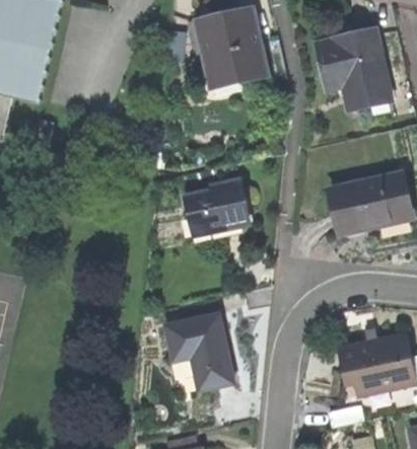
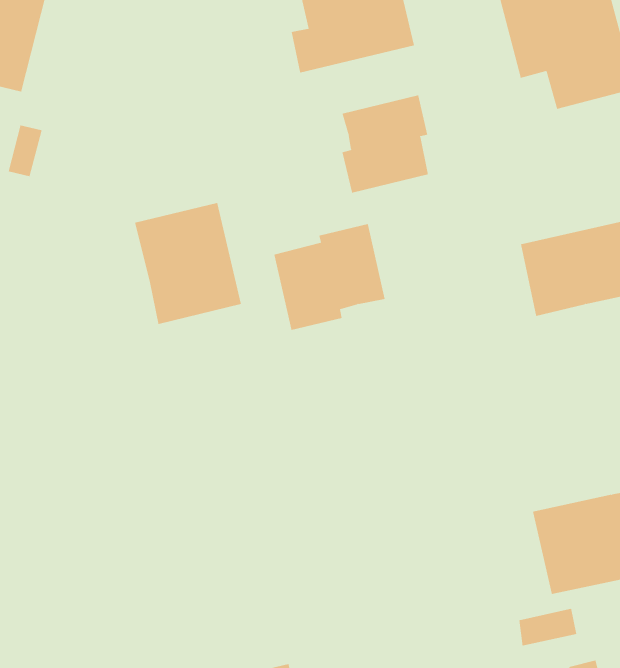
building: none -> [342,95,429,194]
building: none -> [134,202,241,325]
building: [166,313,232,388] -> none

